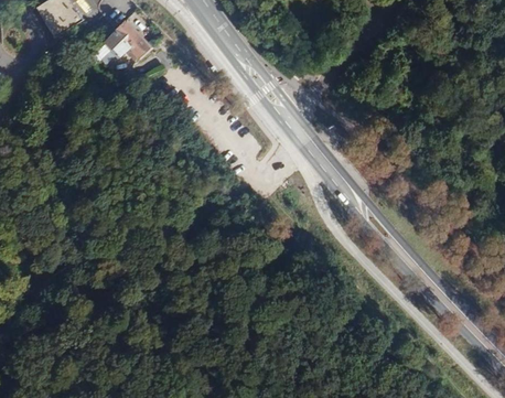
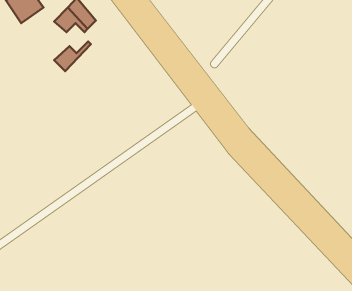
building: none -> [54,42,91,71]

